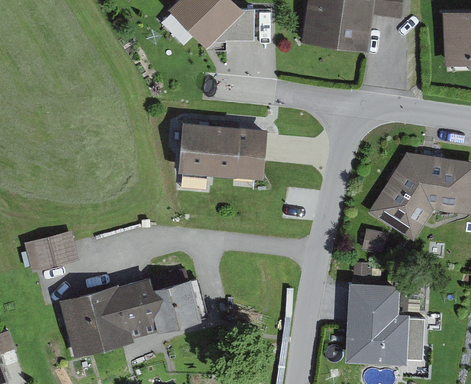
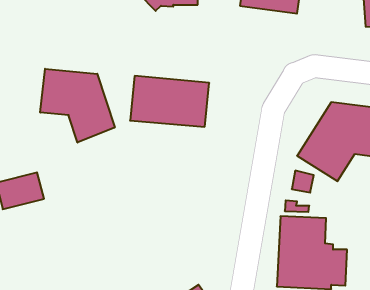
building: none -> [40,69,115,143]
building: [59,272,208,359] -> none

